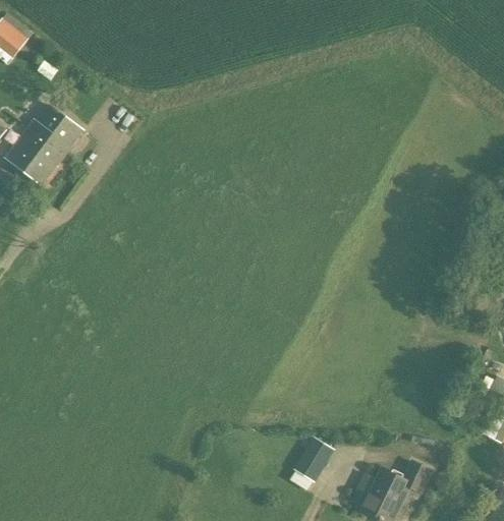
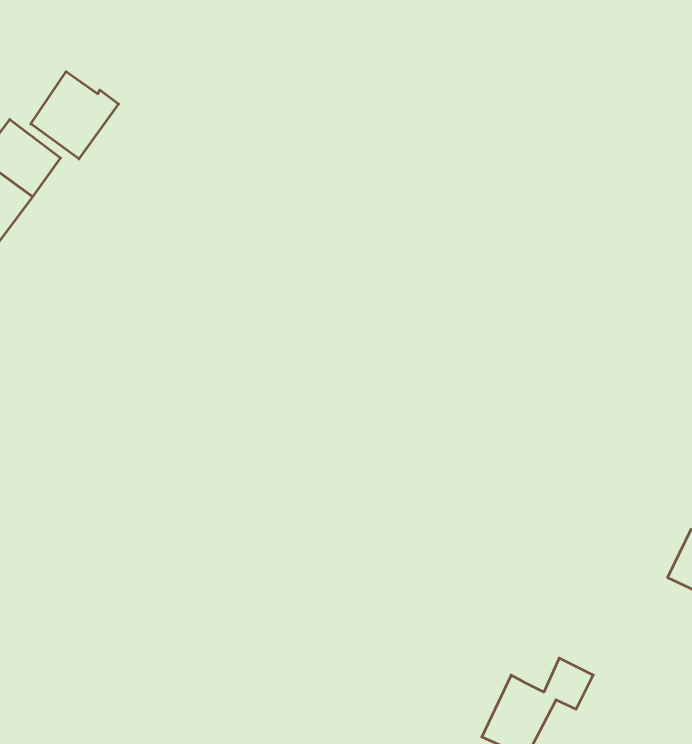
building: none -> [31,72,119,159]
building: [293,437,334,481] -> none

